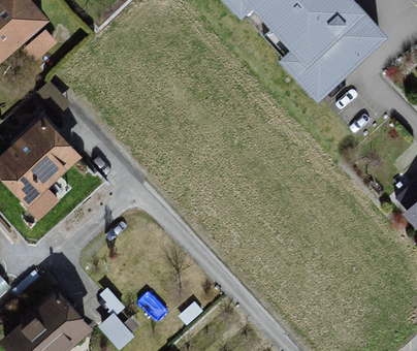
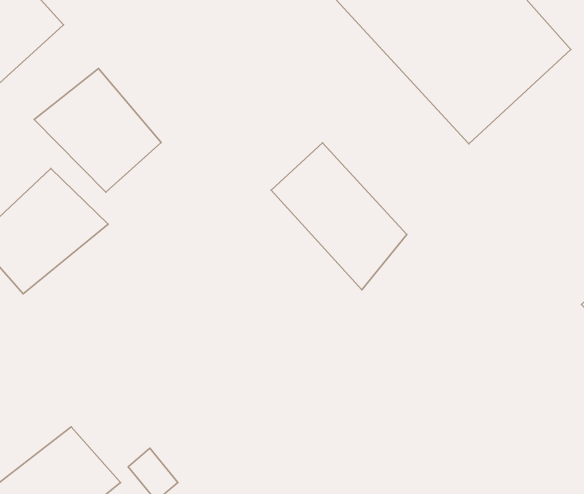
building: none -> [34,69,161,192]
building: none -> [271,143,407,290]

